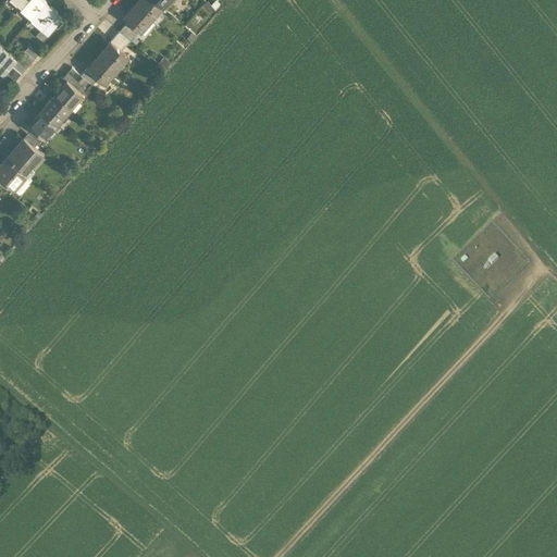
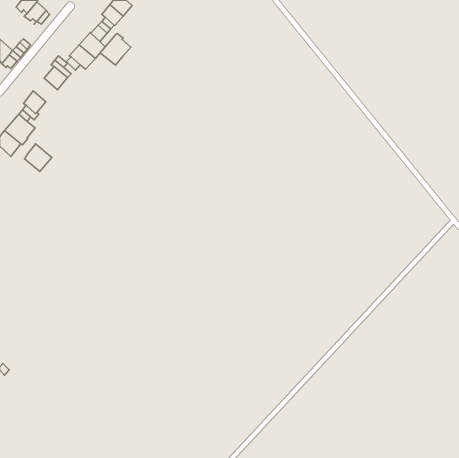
building: none -> [100,34,131,65]
building: [40,97,70,126] -> none
building: none -> [25,144,52,172]

